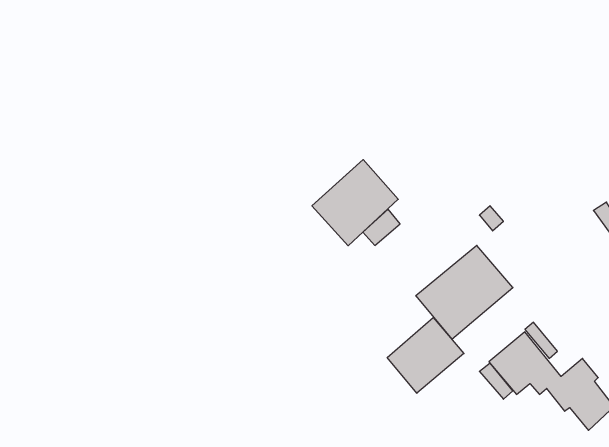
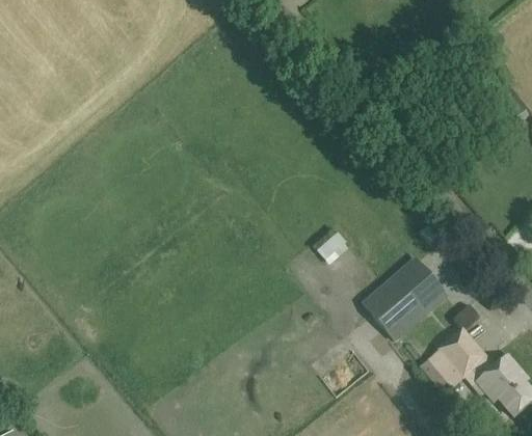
building: [312,160,398,246] -> none
building: [387,317,464,393] -> none

